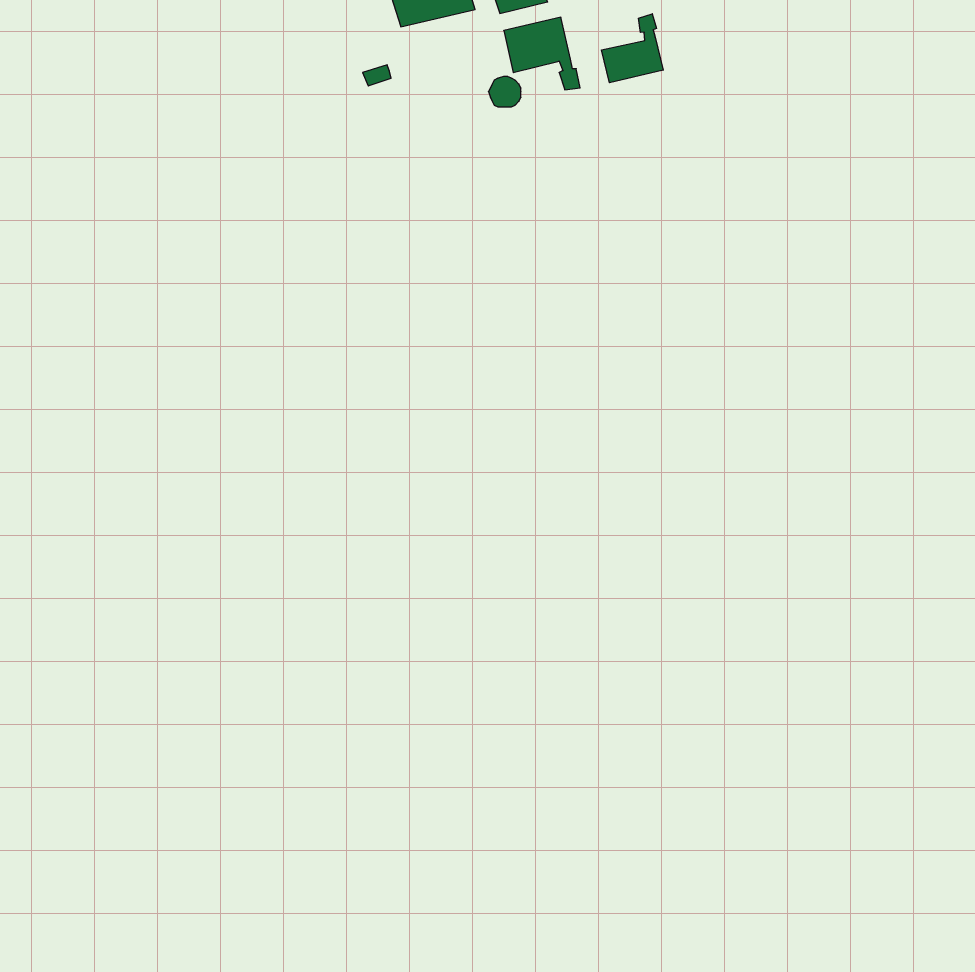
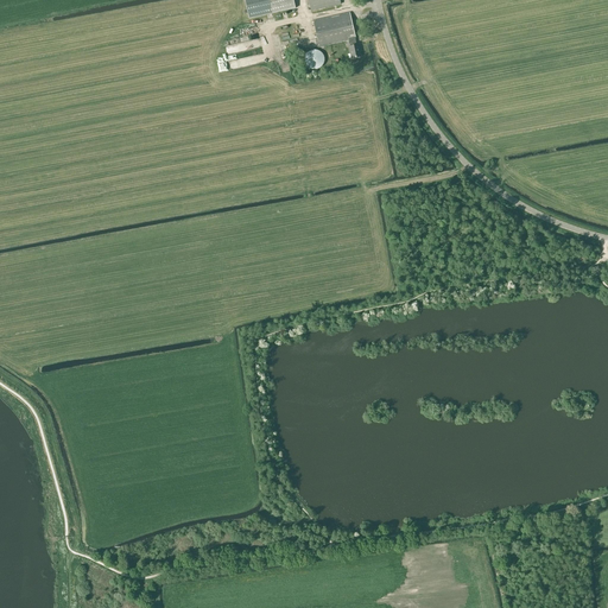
building: [602,14,663,83] -> none

